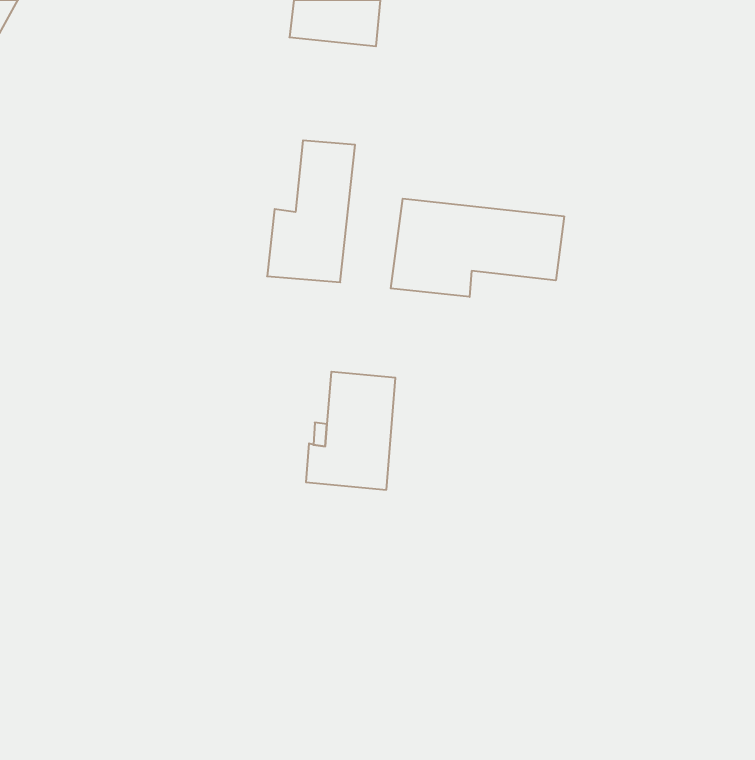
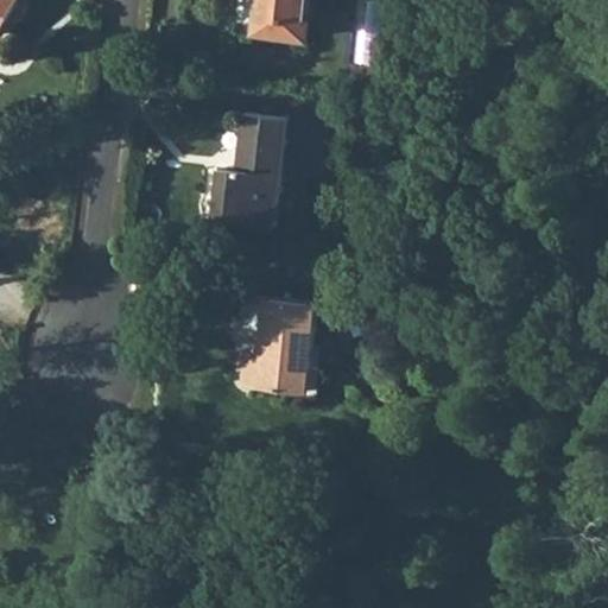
building: [391,199,564,297] -> none

